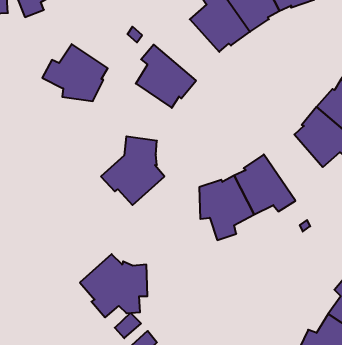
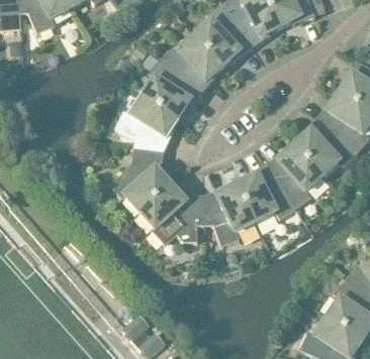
building: none -> [161,34,223,93]
building: [42,44,108,101] -> [115,96,178,150]
building: none -> [266,144,322,208]
building: [80,254,147,317] -> [141,185,205,245]

